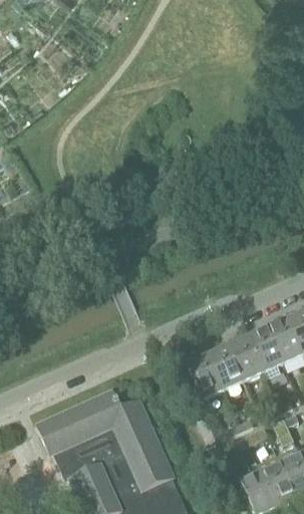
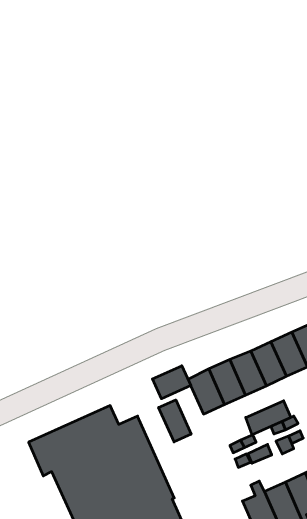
building: none -> [152,366,191,399]
building: none -> [159,400,191,442]
building: none -> [246,401,291,435]

